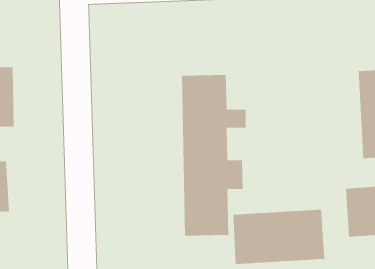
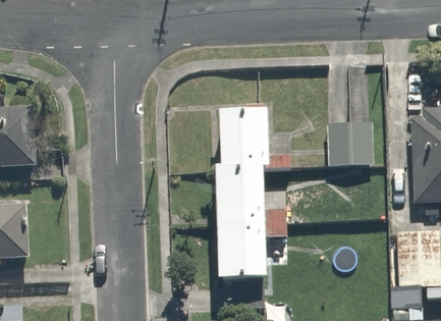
building: none -> [326,121,374,163]
building: [233,209,325,265] -> none

